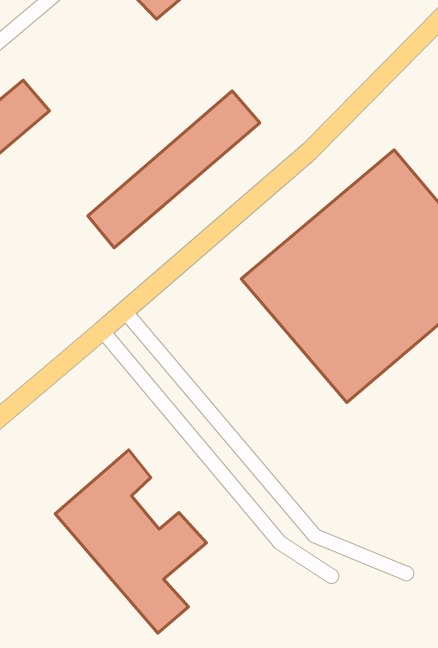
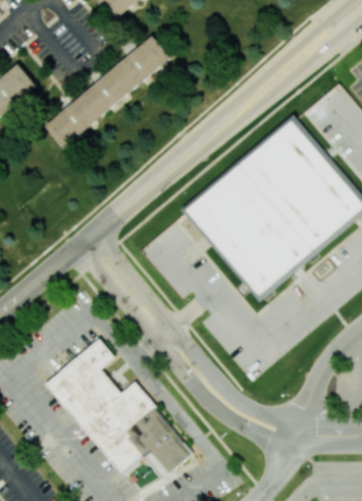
building: [88,91,260,248] -> [48,34,174,149]
building: none -> [122,403,194,475]

